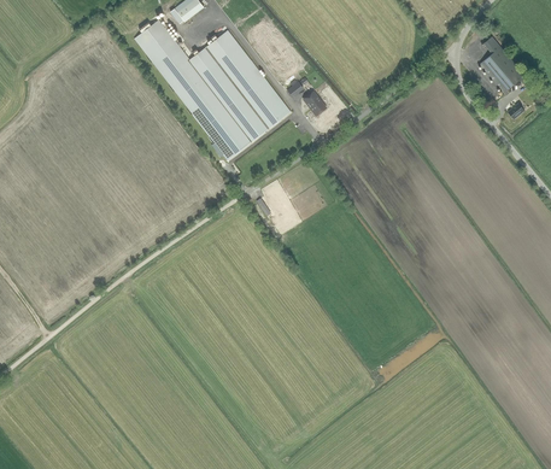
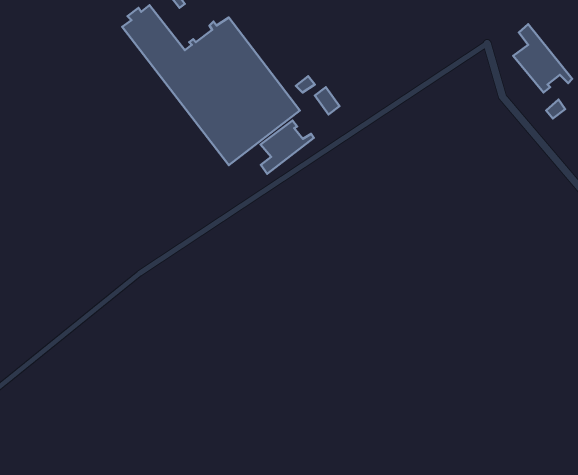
building: none -> [261,120,314,174]

